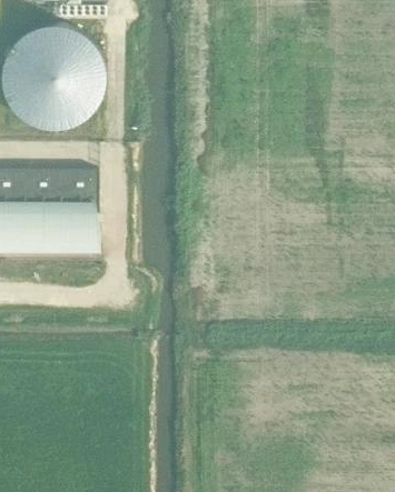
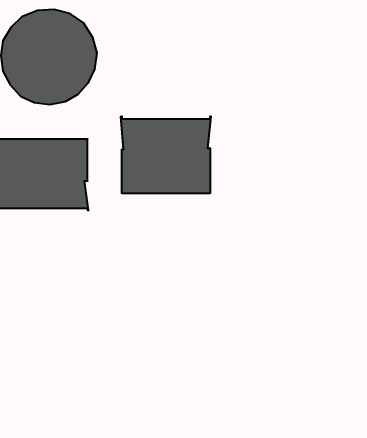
building: none -> [121,116,211,193]

